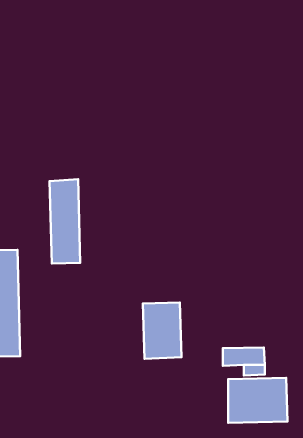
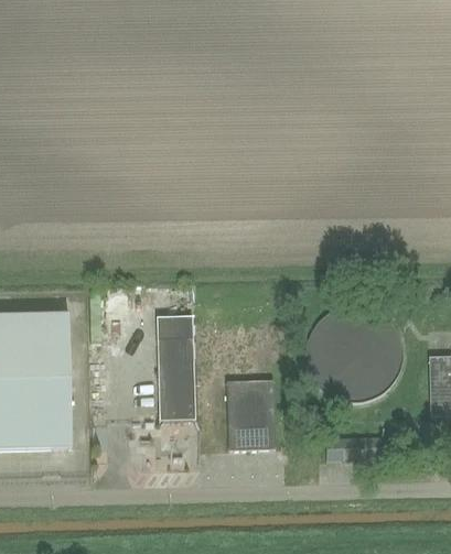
building: [49,179,80,264] -> [155,314,194,420]
building: [228,378,287,423] -> none

